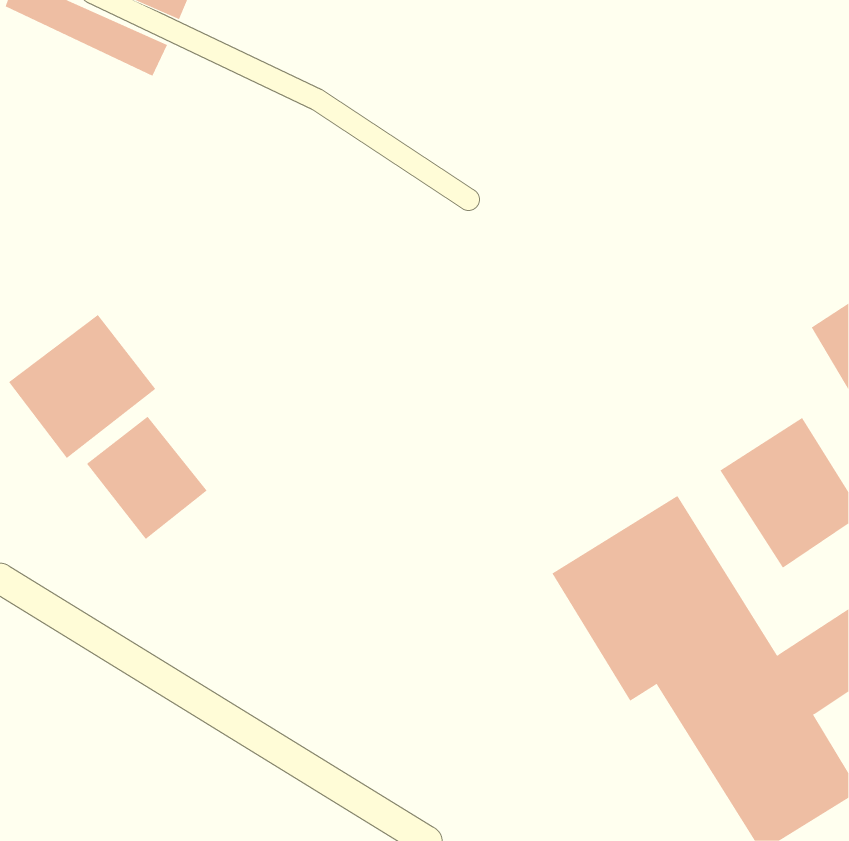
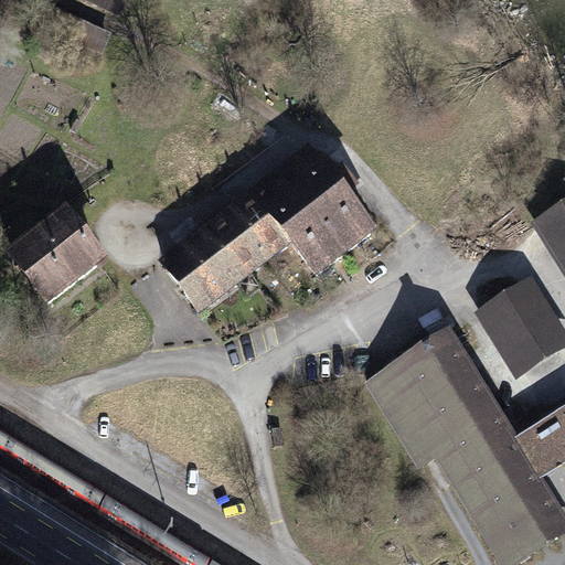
building: none -> [158,146,376,315]
building: [86,416,207,540] -> none

